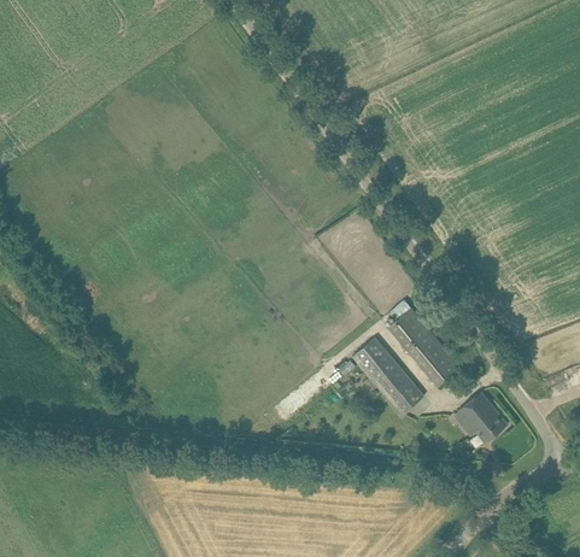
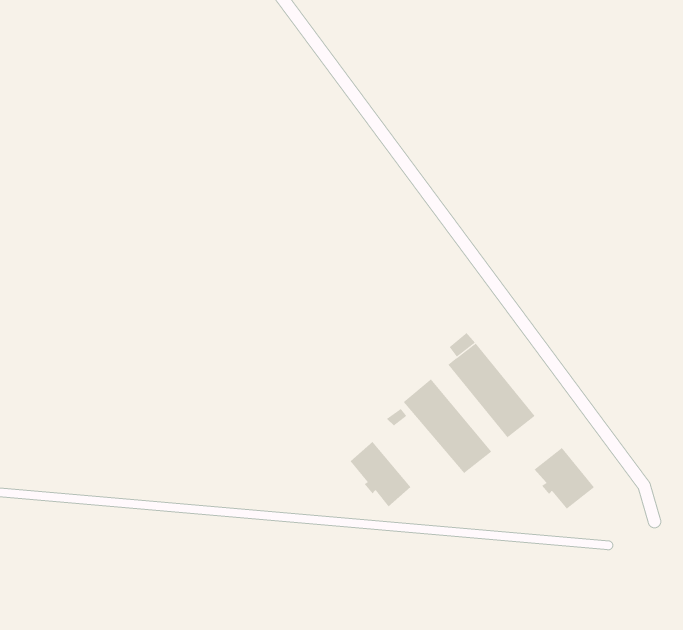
building: none -> [350,441,411,507]

